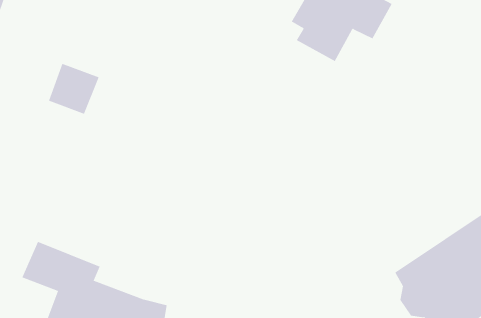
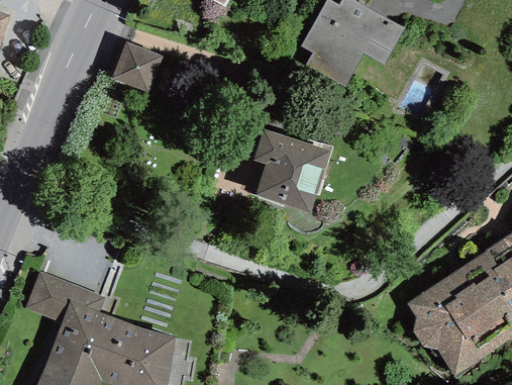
building: [48,63,99,114] -> [111,40,164,93]
building: none -> [254,128,330,213]

